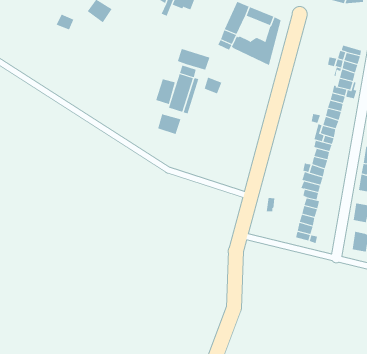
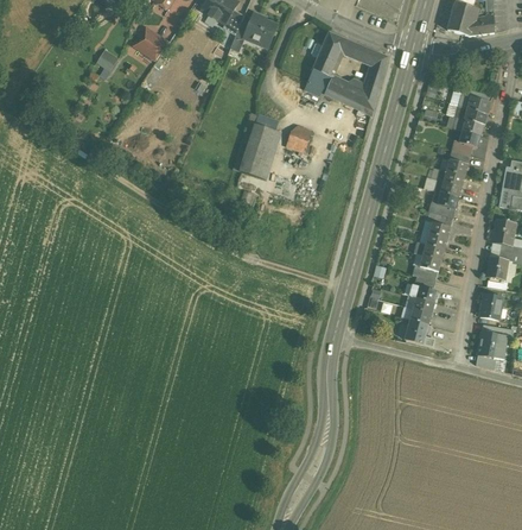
building: [177,48,210,71] -> none
building: [155,78,176,105] -> none
building: [157,114,181,135] -> none

